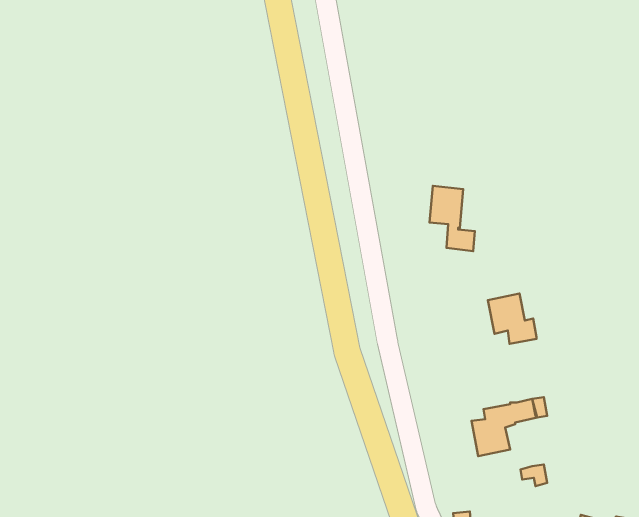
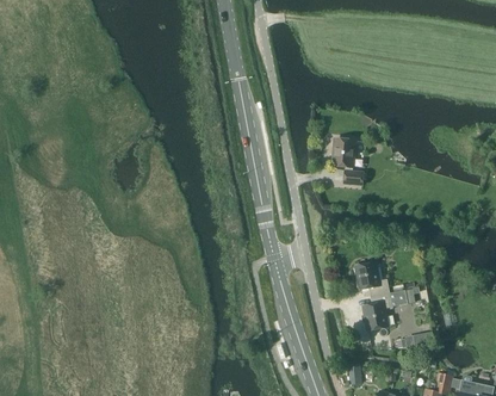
building: [488,293,536,344] -> [354,261,389,297]

